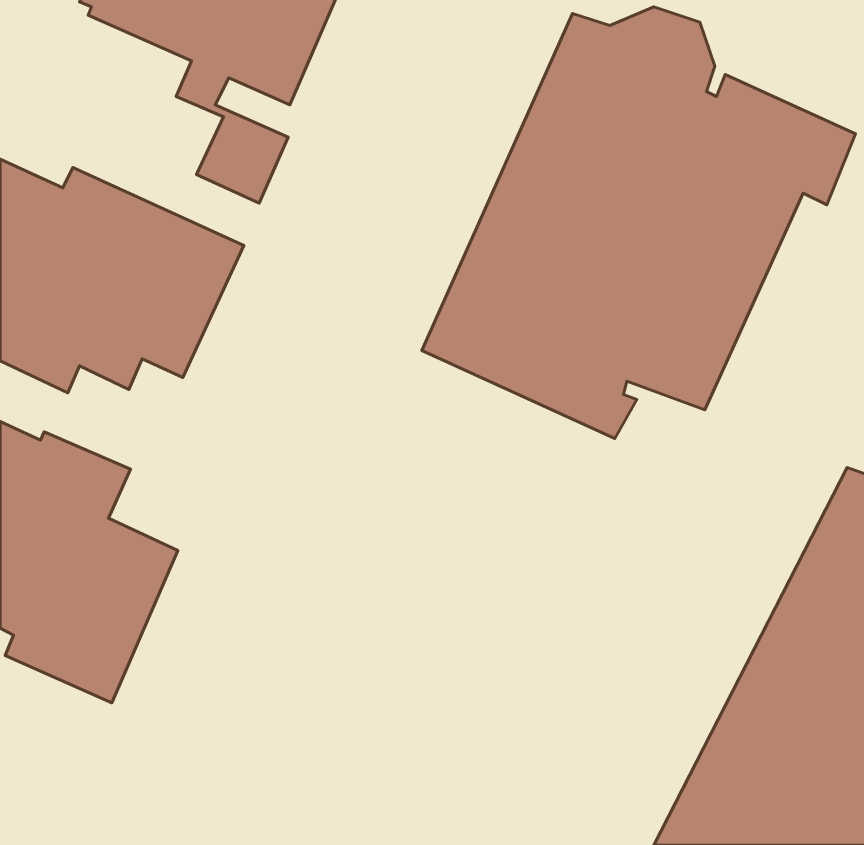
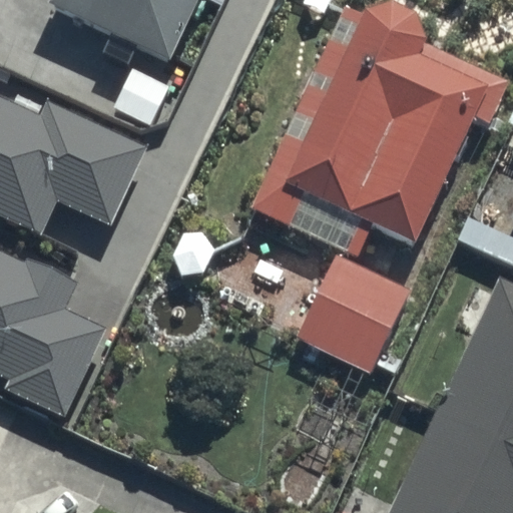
building: none -> [295,254,408,374]

